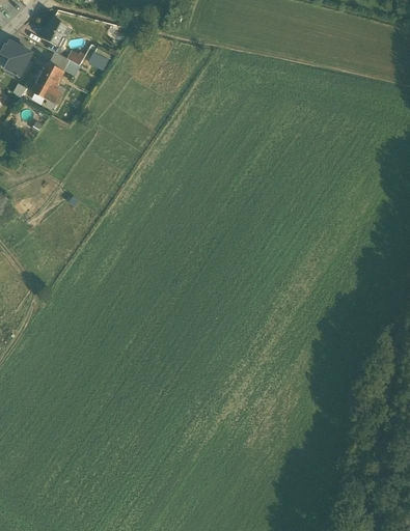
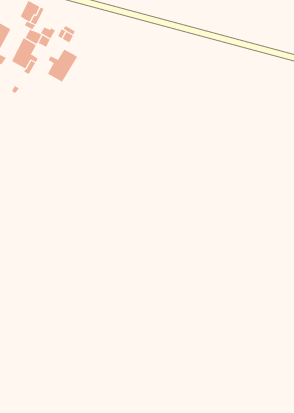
building: none -> [48,49,77,82]

